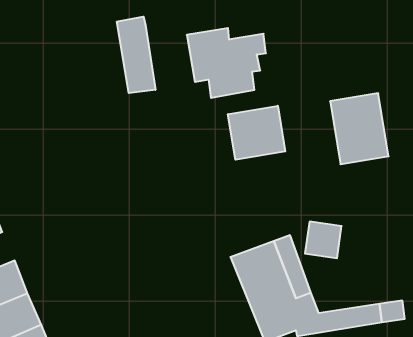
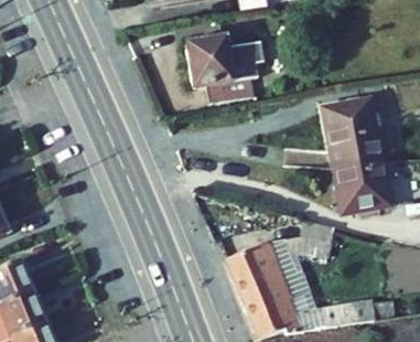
building: [117,17,155,93] -> none
building: [228,106,285,160] -> none
building: none -> [334,160,388,213]

